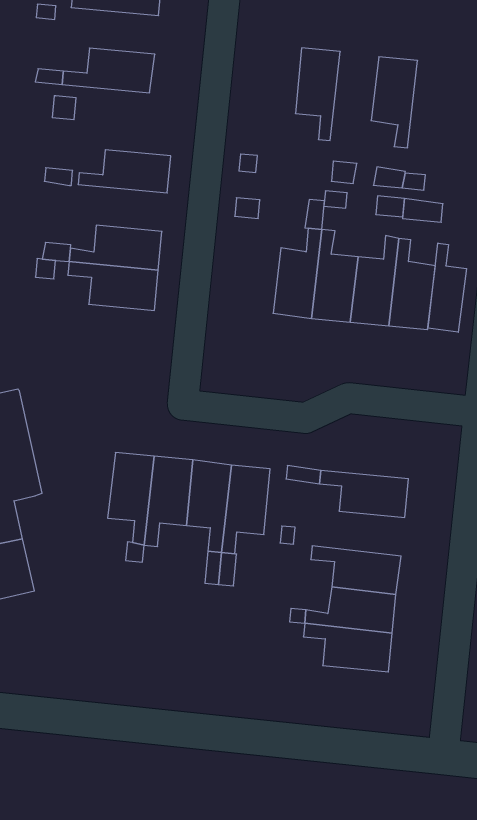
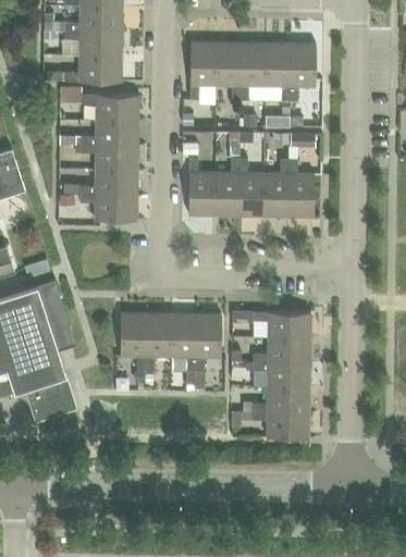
building: none -> [64,30,122,55]
building: none -> [189,42,216,99]
building: none -> [239,42,266,100]
building: none -> [290,44,316,101]
building: none -> [82,94,138,120]
building: none -> [81,144,138,169]
building: none -> [188,157,214,214]
building: [428,243,467,332] -> none
building: none -> [253,337,310,362]

